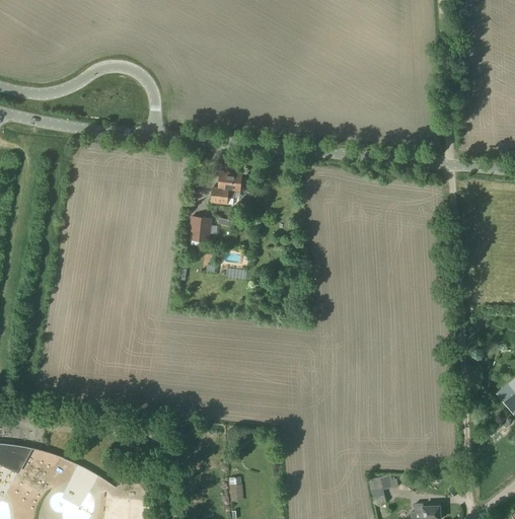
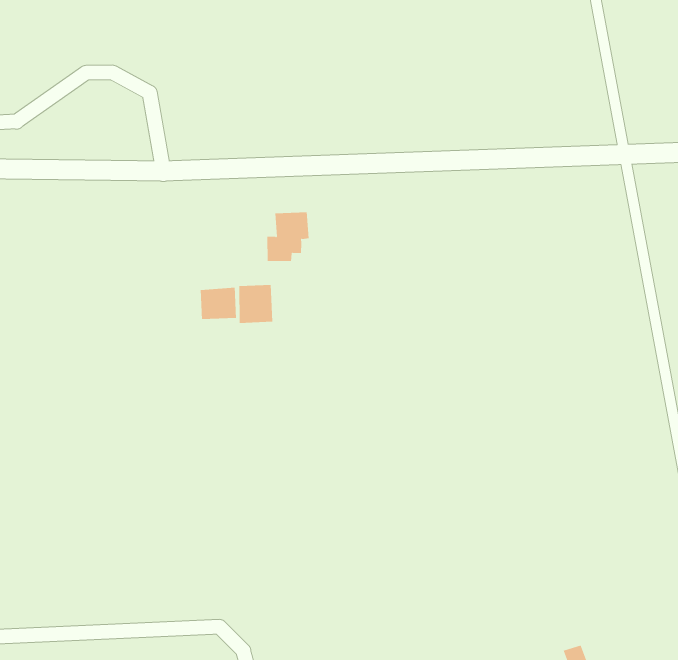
building: none -> [200,287,237,320]

